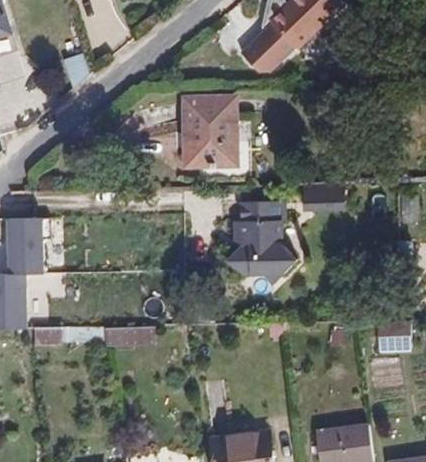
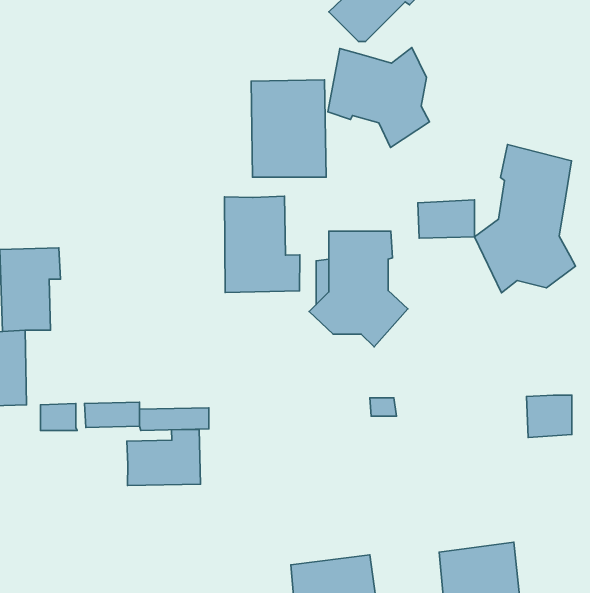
building: none -> [328,48,429,147]
building: none -> [474,145,576,293]
building: none -> [224,196,300,292]
building: none -> [127,430,201,485]

